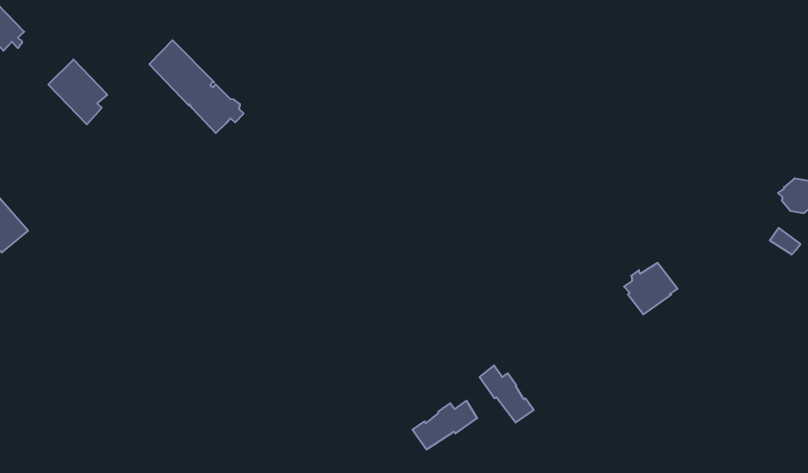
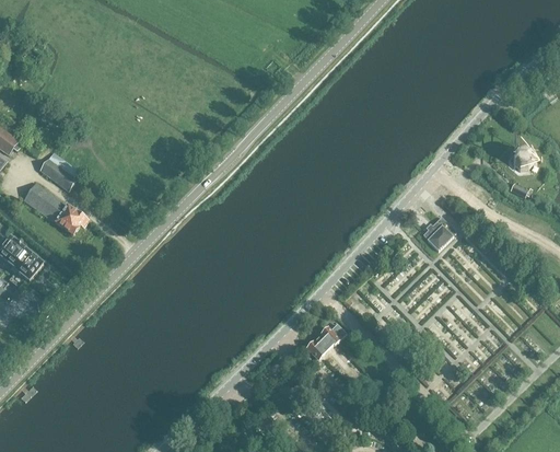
building: [149,40,244,133] -> [23,182,88,235]
building: [480,365,534,423] -> none

